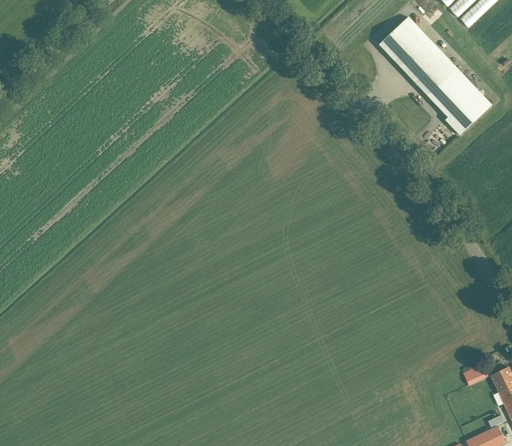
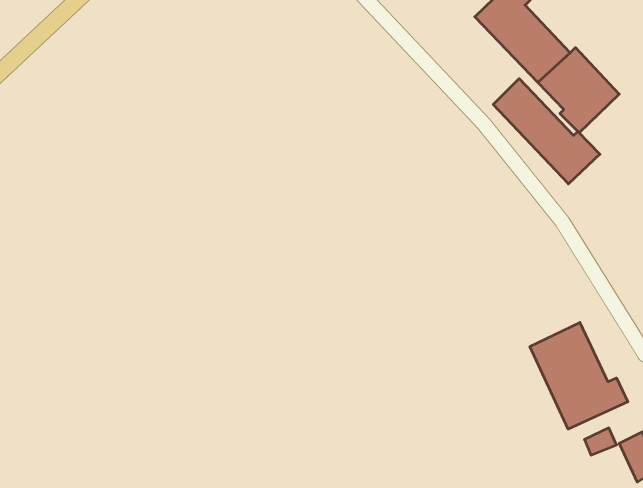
building: none -> [493,79,600,184]
building: none -> [530,322,628,429]

